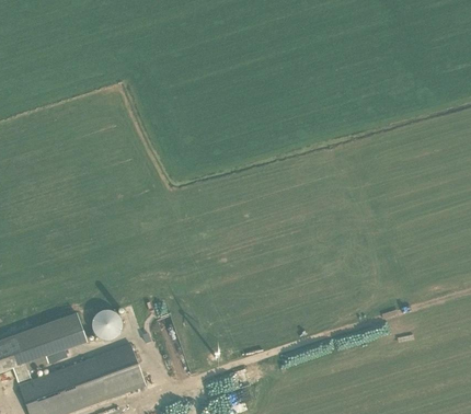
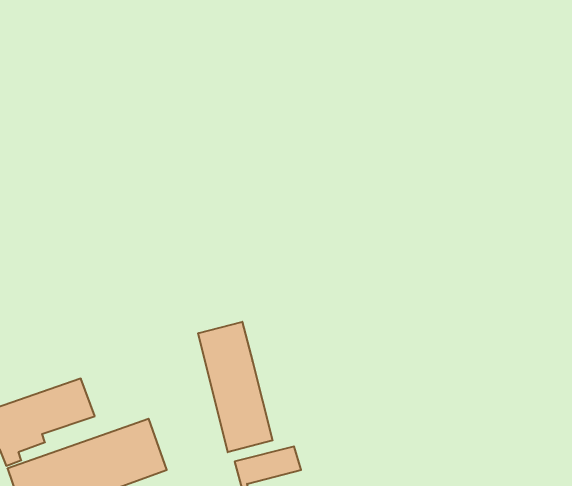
building: none -> [198,322,273,452]
building: [88,303,124,340] -> none

